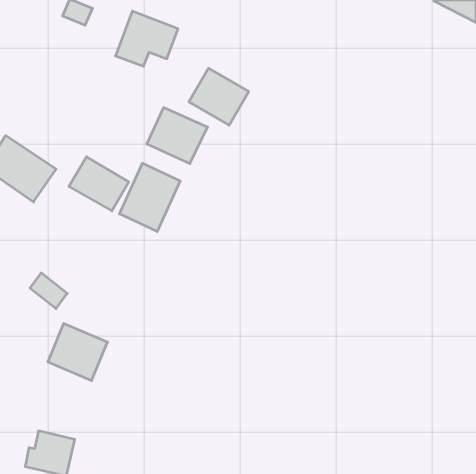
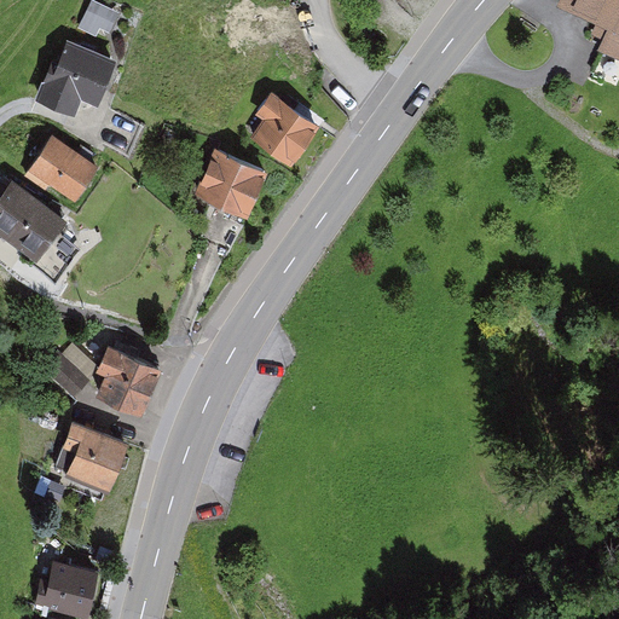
building: [115,11,178,66] -> [37,41,118,112]
building: [69,157,129,211] -> [22,132,99,202]
building: [119,163,180,232] -> none
building: none -> [87,343,162,417]

